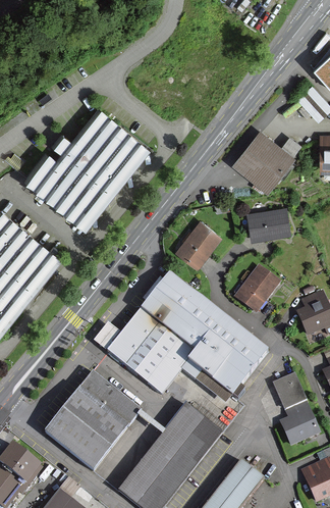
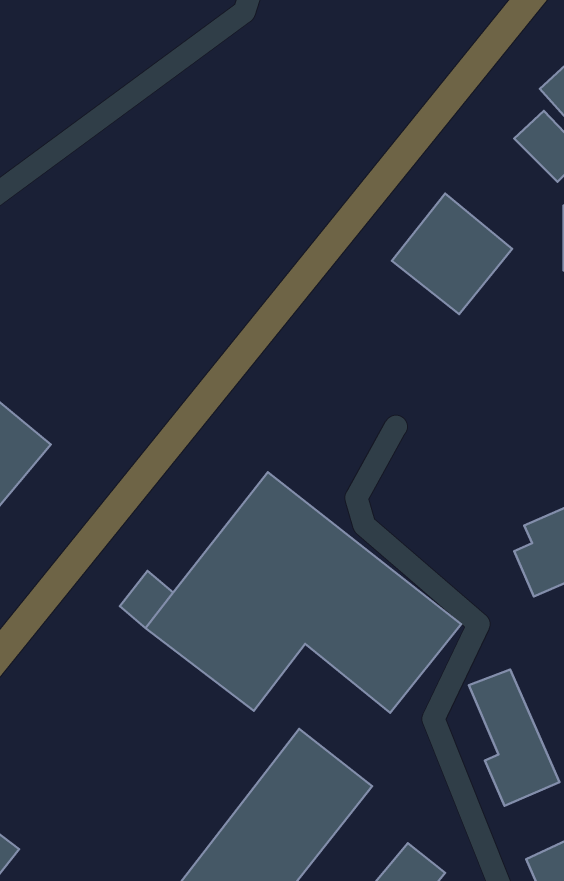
building: [37,108,146,221] -> none
building: [248,207,291,240] -> none
building: [176,219,221,267] -> none
building: [234,265,280,313] -> none
building: [45,372,142,471] -> none

